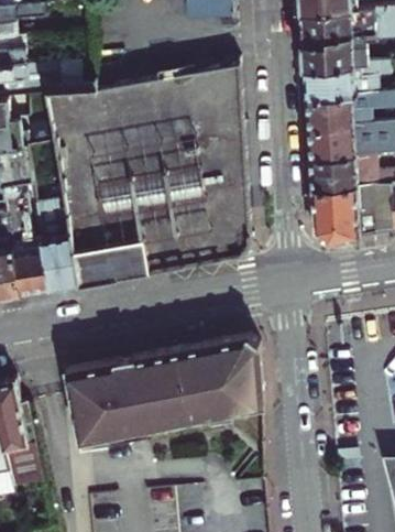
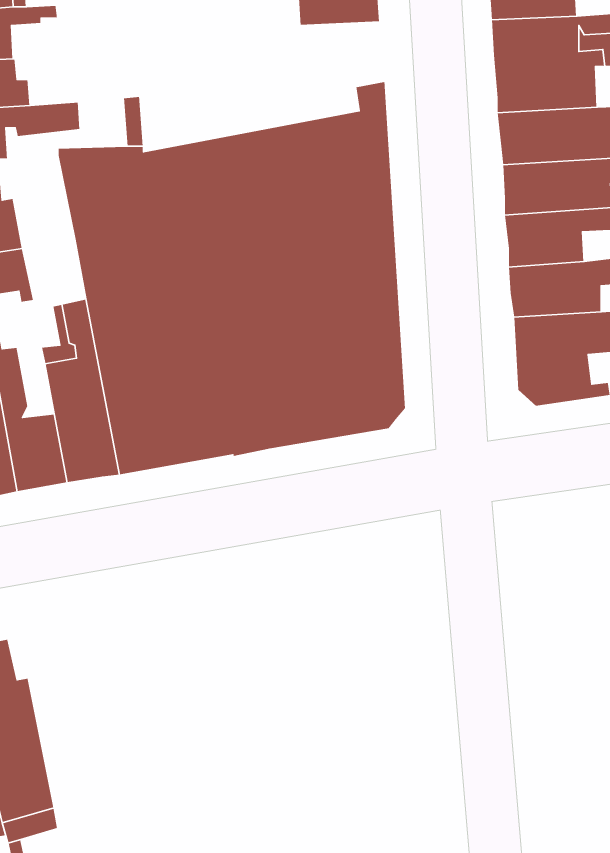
building: [67,336,262,444] -> none

